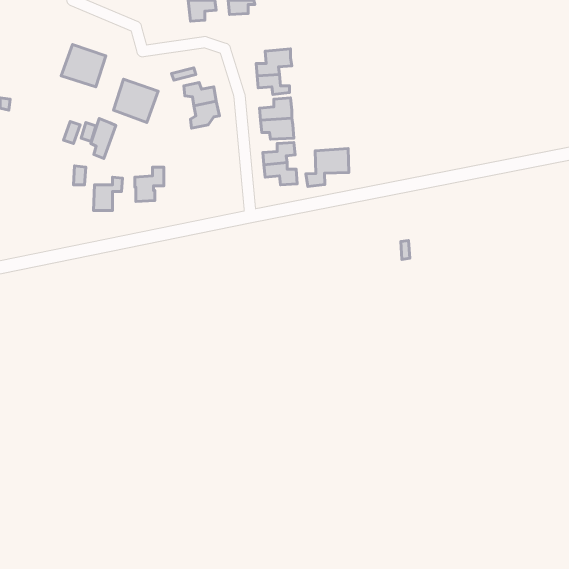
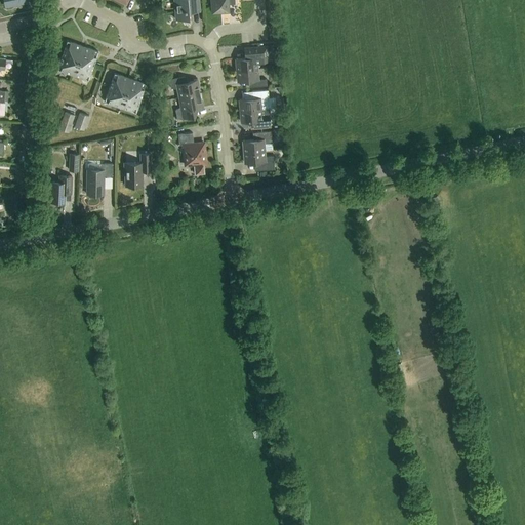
building: [91,119,116,158] -> none
building: none -> [178,132,205,174]
building: [306,148,349,187] -> none
building: none -> [50,175,72,202]

